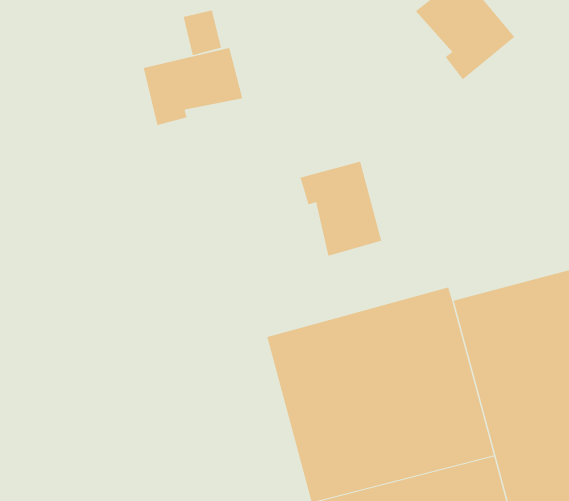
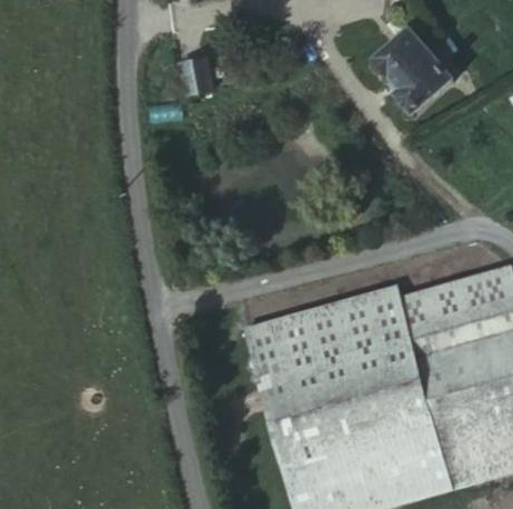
building: [143,47,243,126] -> none
building: [300,161,382,256] -> none

